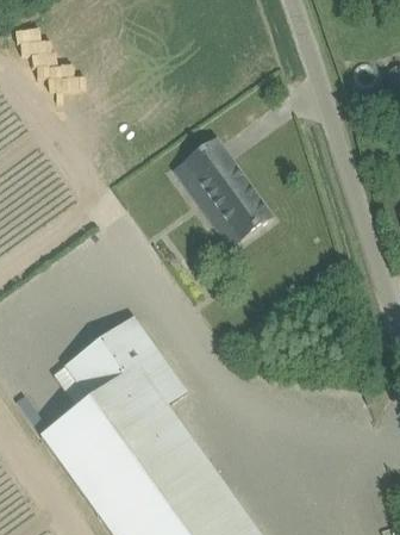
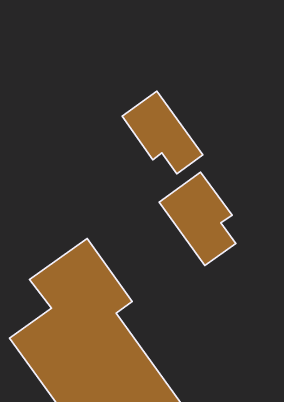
building: none -> [159,172,236,266]

